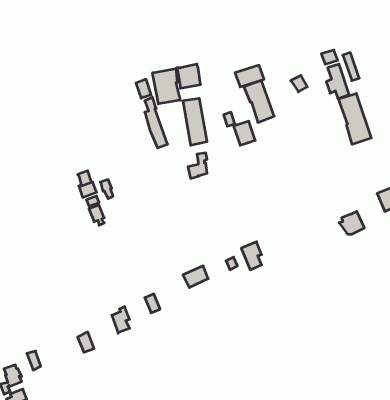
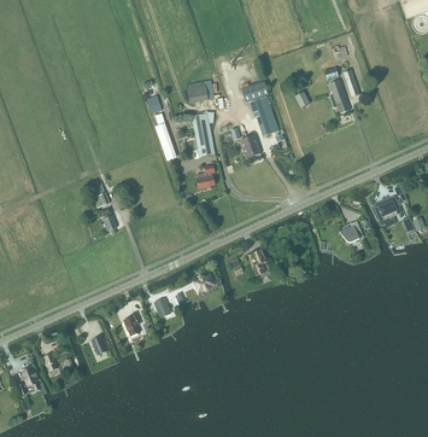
building: [153,68,180,104] -> none
building: [338,93,371,144] -> none

